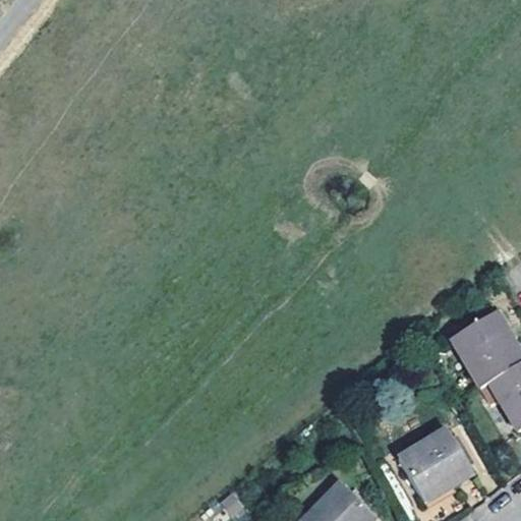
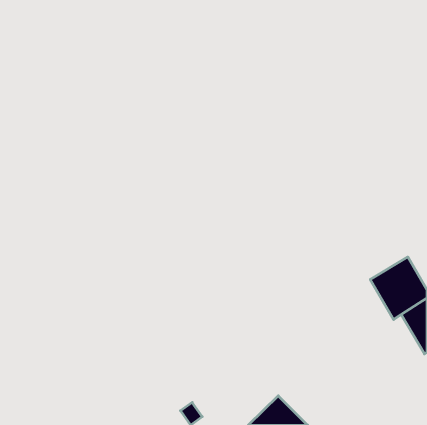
building: [398,429,473,504] -> none

